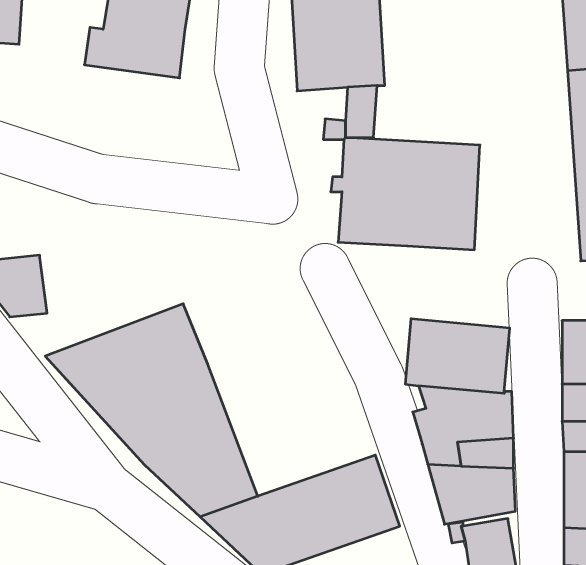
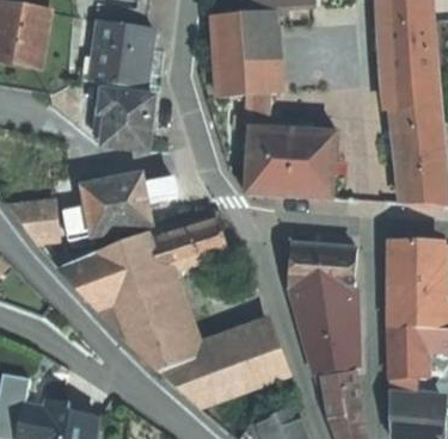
building: none -> [99,88,153,148]
building: none -> [75,173,151,236]
building: none -> [146,210,226,270]

